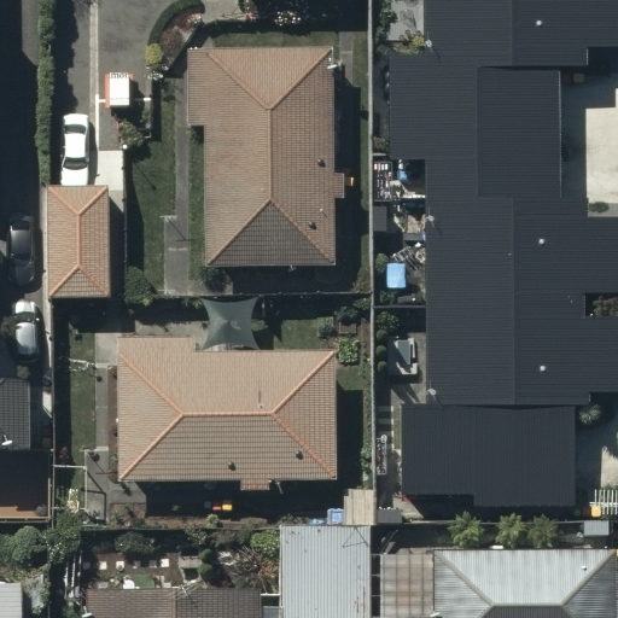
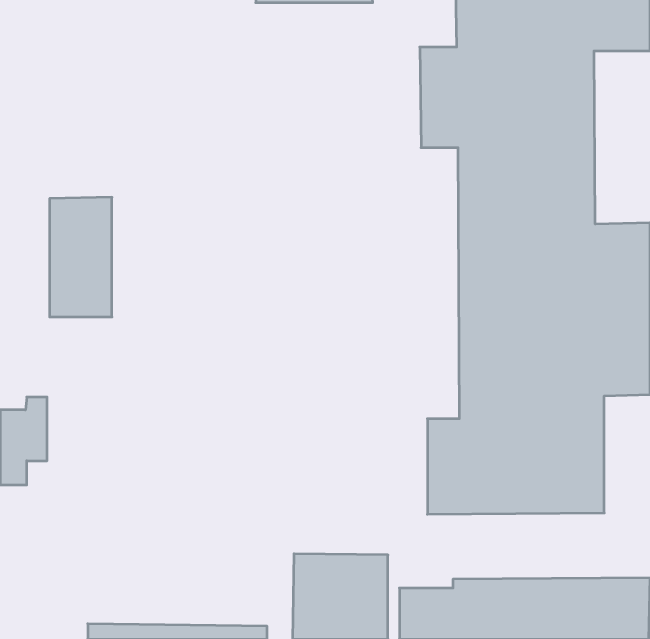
building: [183,49,331,267] -> none
building: [113,339,331,491] -> none

